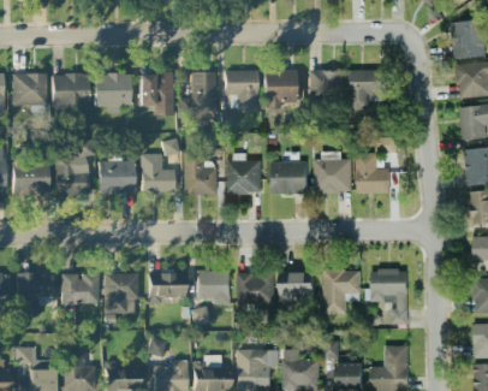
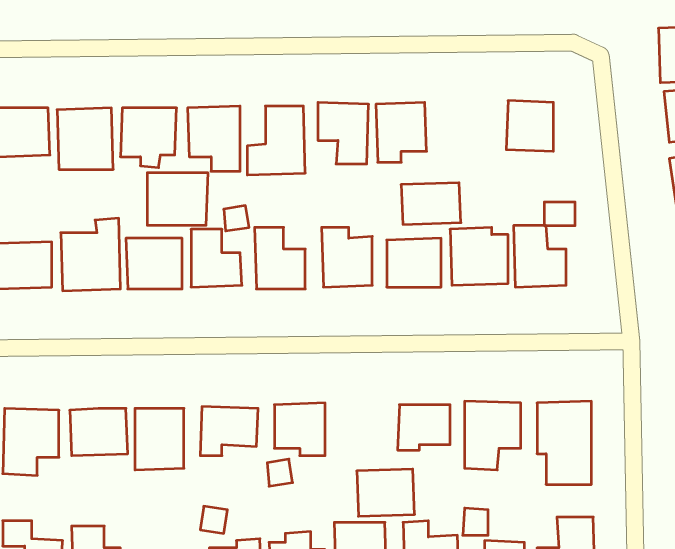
building: [308,70,347,97] -> [401,183,461,224]
building: none -> [147,173,208,225]
building: [236,272,274,303] -> [357,469,415,516]

